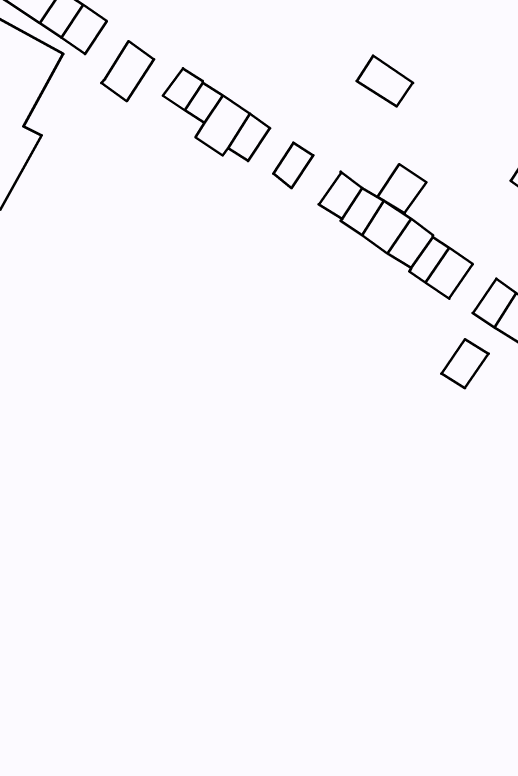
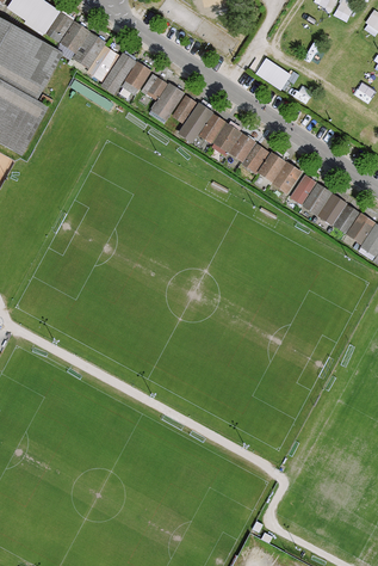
building: none -> [73,33,107,72]
building: none -> [104,54,141,96]
building: none -> [179,104,213,143]
building: [377,164,426,213] -> [212,122,244,154]
building: [441,339,489,388] -> [316,193,347,226]

